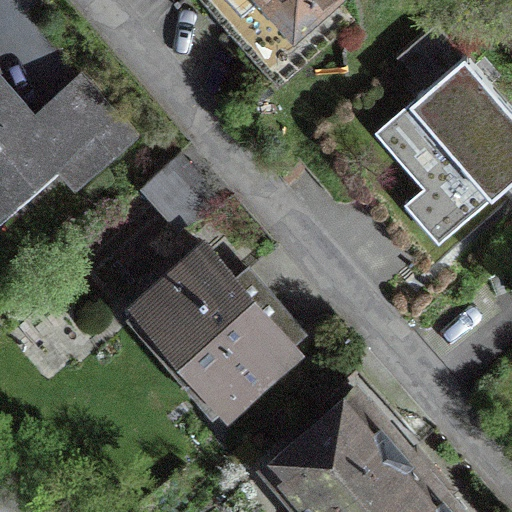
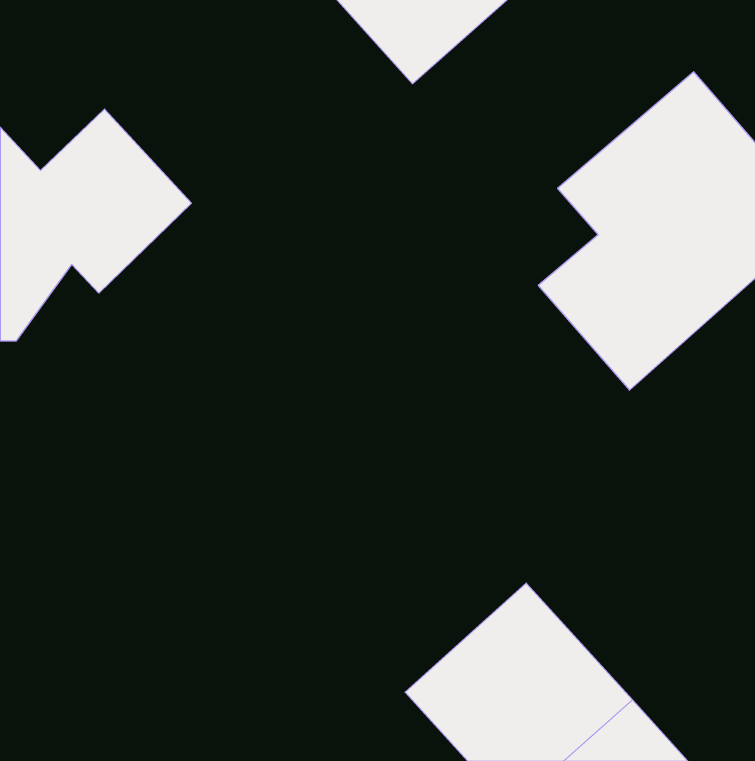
building: [121,242,304,428] -> none

